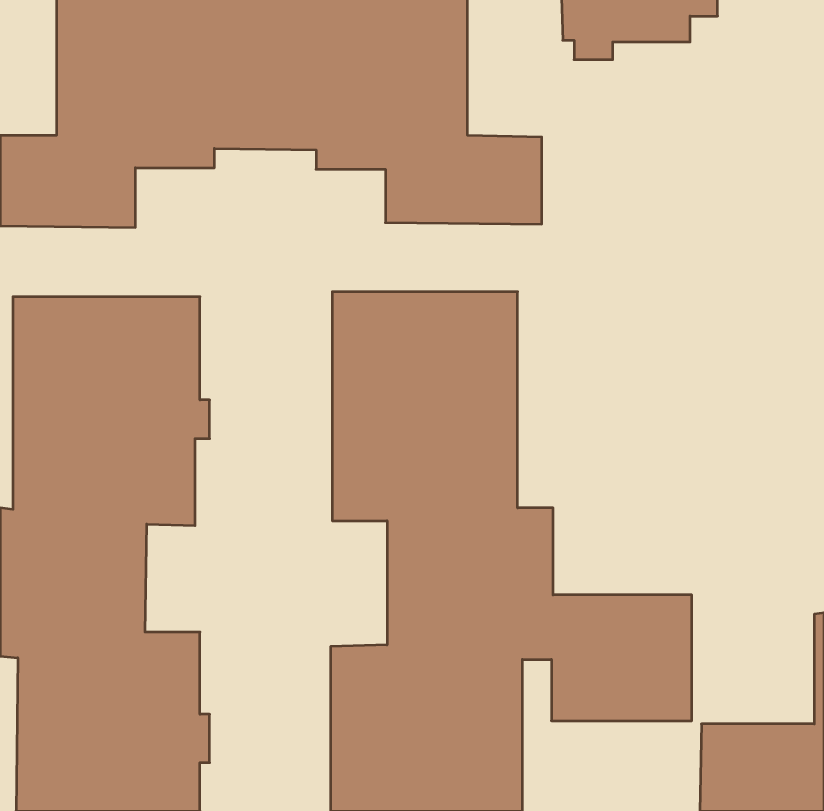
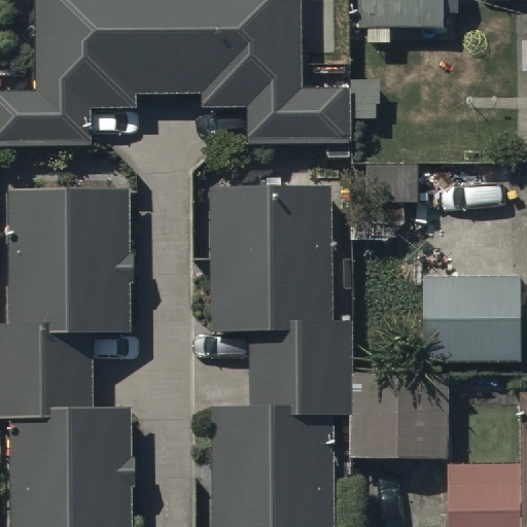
building: none -> [422,276,519,363]

